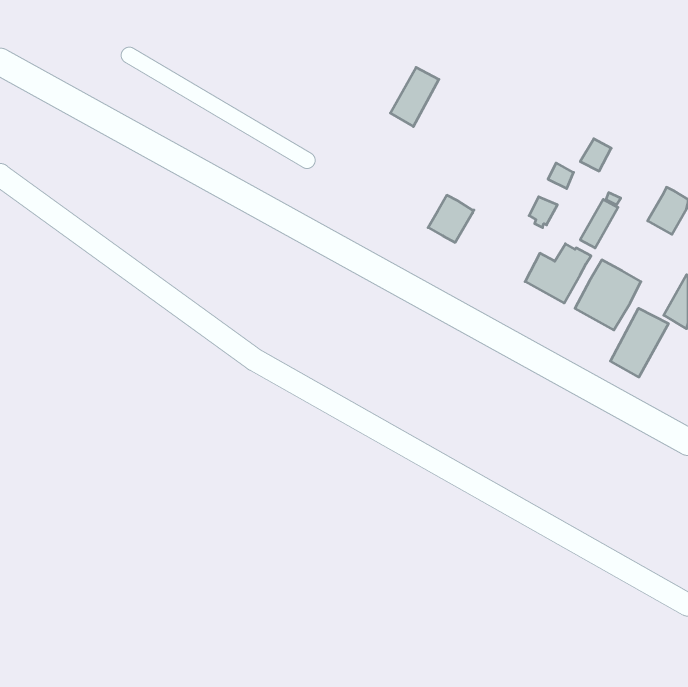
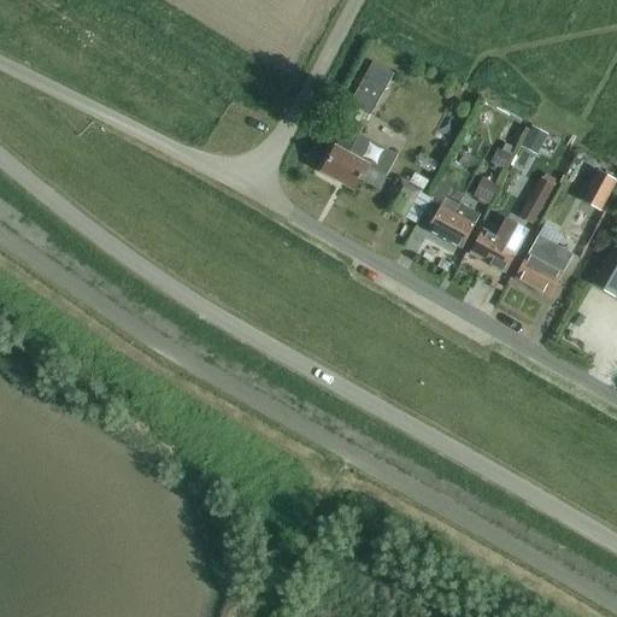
building: none -> [323,133,396,188]
building: none -> [419,178,481,247]
building: [610,308,668,377] -> none

